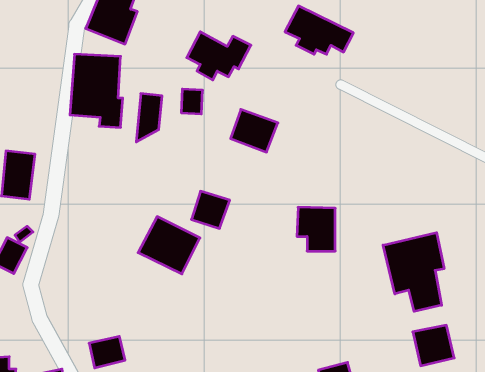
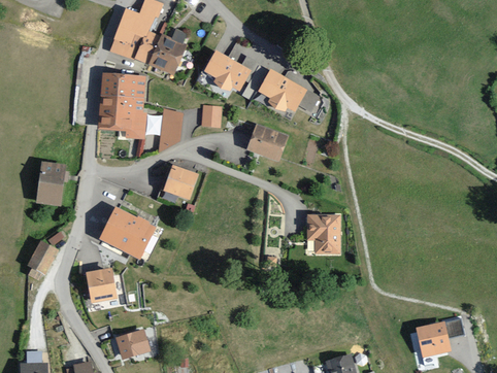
building: none -> [148,28,189,72]
building: [285,6,353,54] -> [260,70,323,114]
building: [191,191,230,228] -> [166,167,201,201]
building: [138,217,200,274] -> [99,205,156,258]
building: [383,233,444,311] -> none
building: none -> [85,266,118,304]

